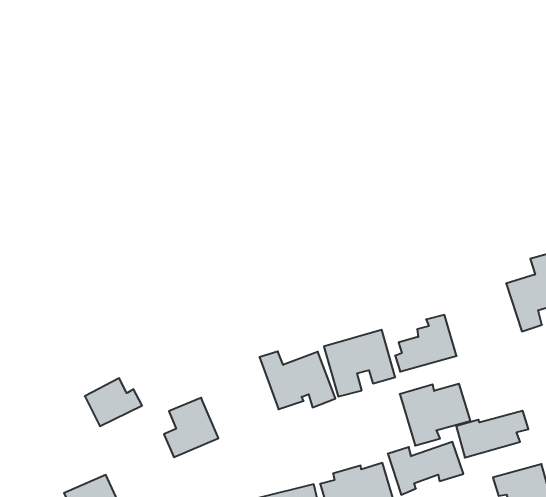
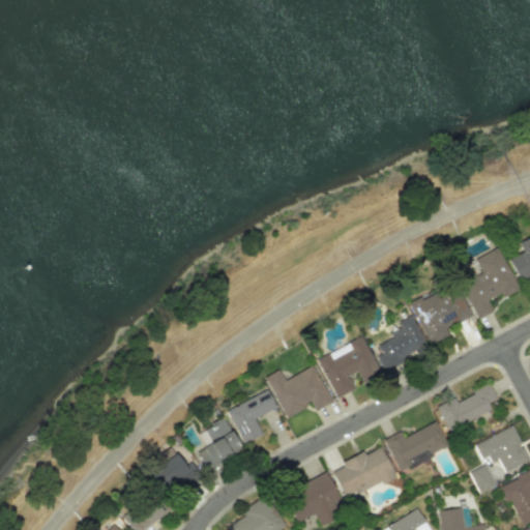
building: none -> [228,389,277,444]
building: [85,378,142,426] -> [152,454,201,497]
building: [400,384,471,446] -> [411,288,473,345]

